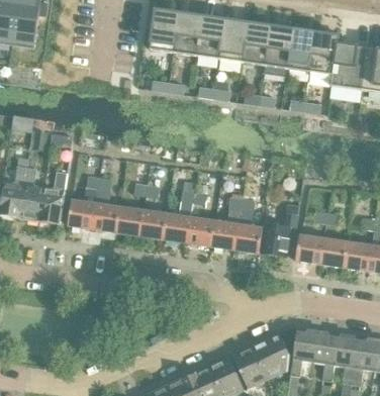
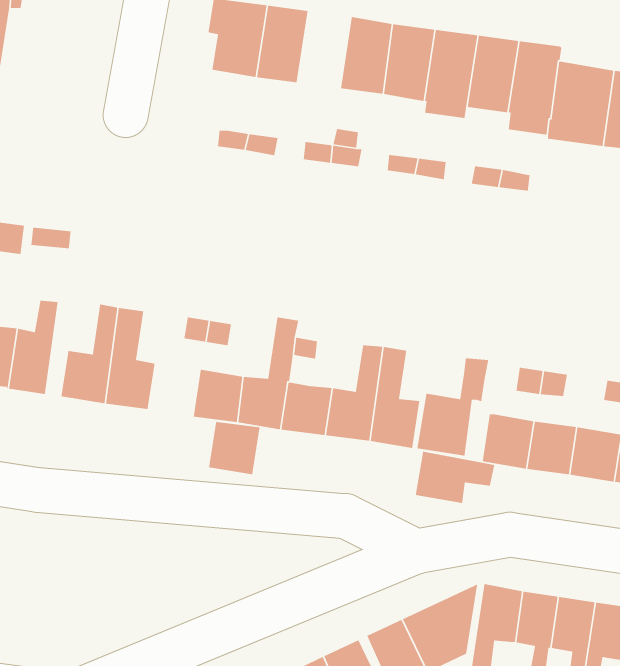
building: [195,16,224,59] -> none
building: [114,207,143,236] -> [208,421,260,475]
building: none -> [415,451,495,504]

